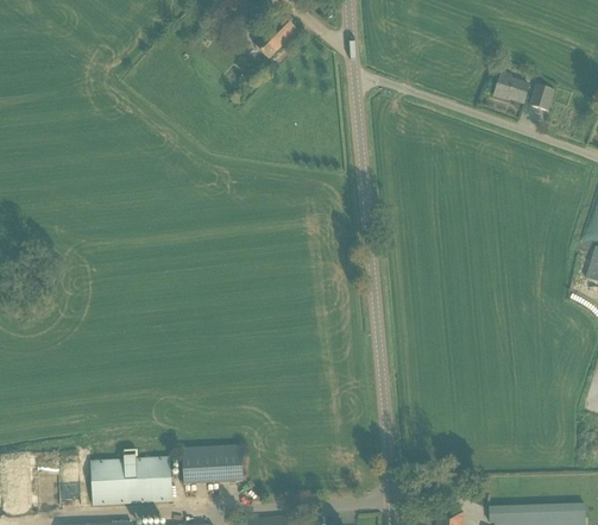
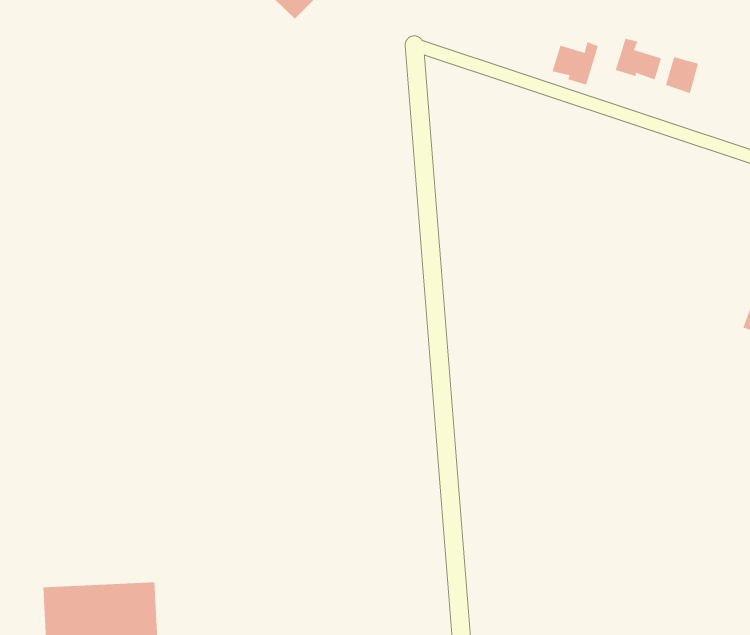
building: none -> [552,41,599,86]
building: [182,444,243,485] -> none

